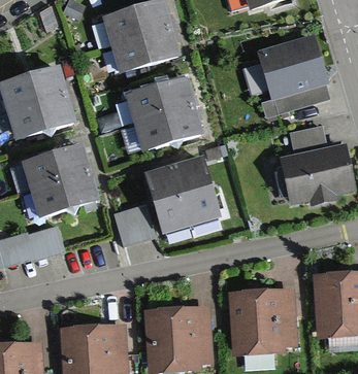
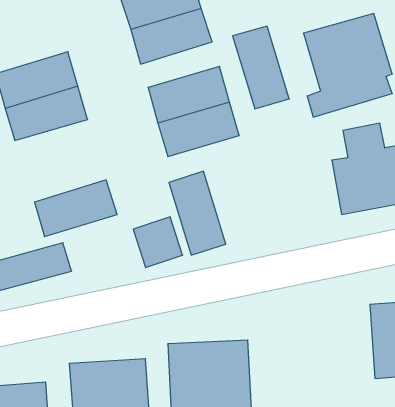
building: [22,143,91,191] -> none
building: [172,157,220,226] -> [233,26,289,109]
building: [228,288,296,355] -> none

